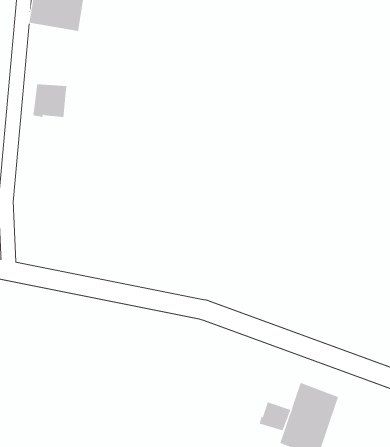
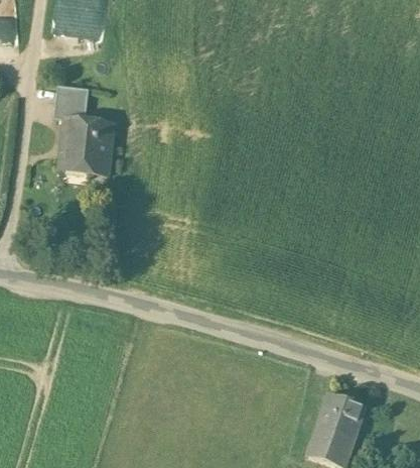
building: none -> [63,118,113,173]
building: [259,402,291,431] -> none

